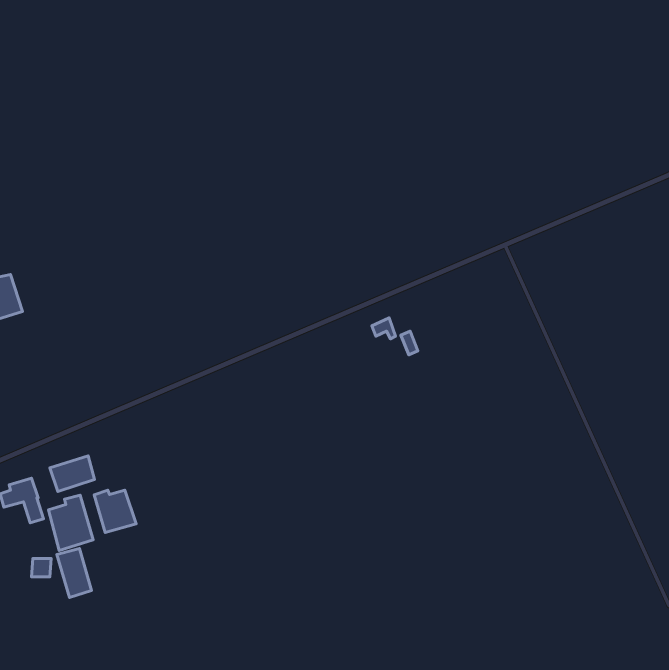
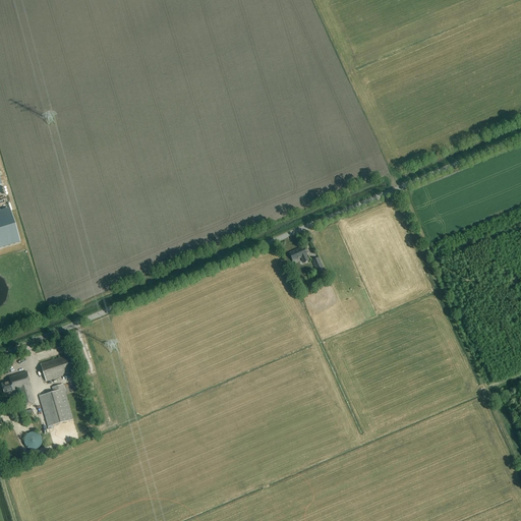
building: [94,490,136,533] -> none
building: [57,548,91,598] -> none

